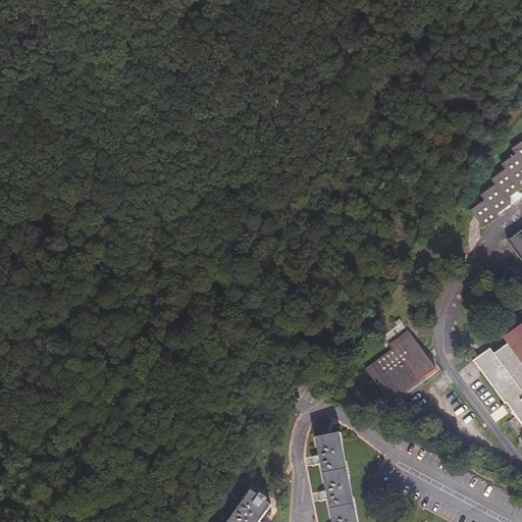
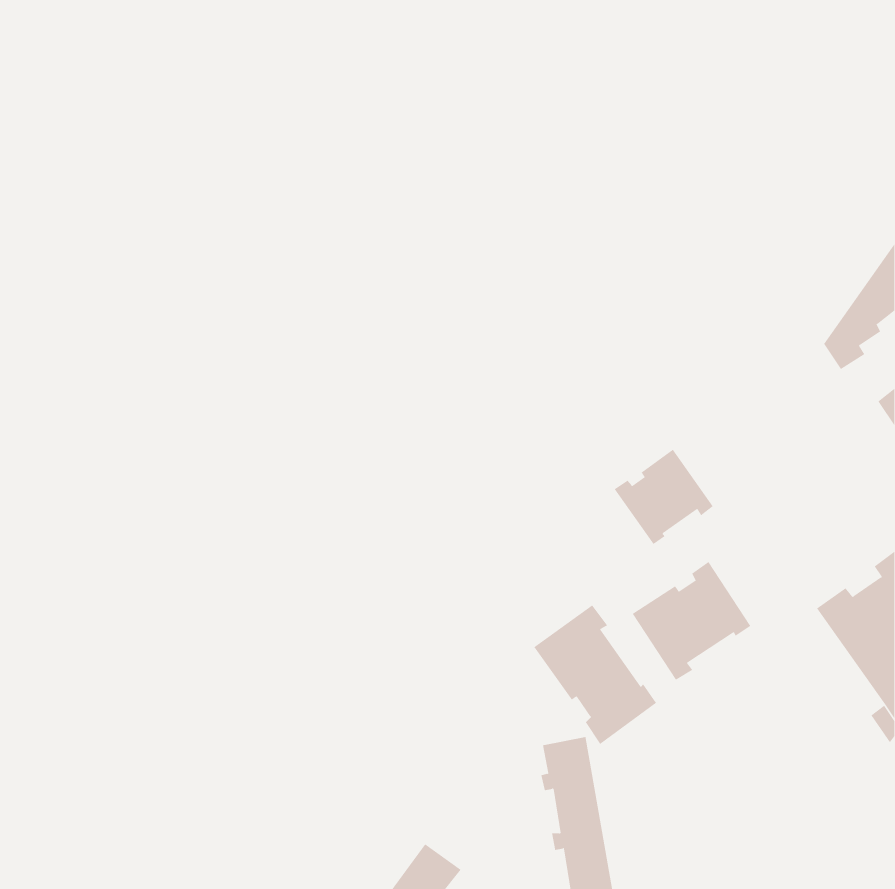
building: none -> [614,449,714,545]
building: none -> [533,605,657,745]

